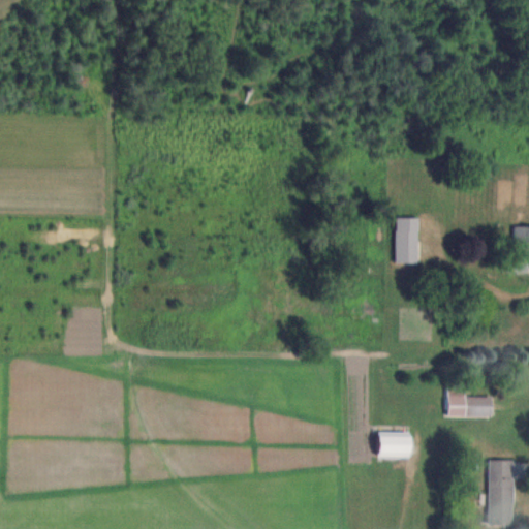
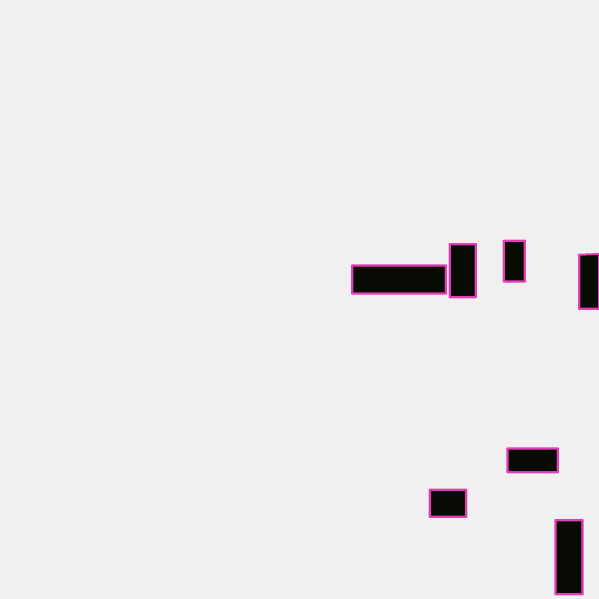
building: none -> [504,241,525,282]
building: none -> [352,266,446,294]

